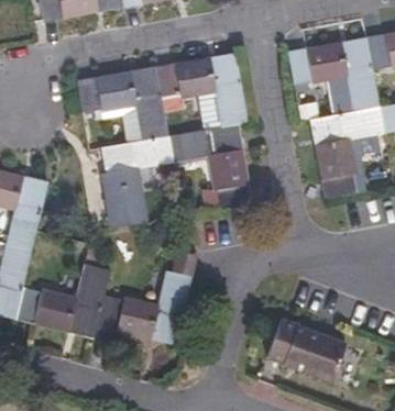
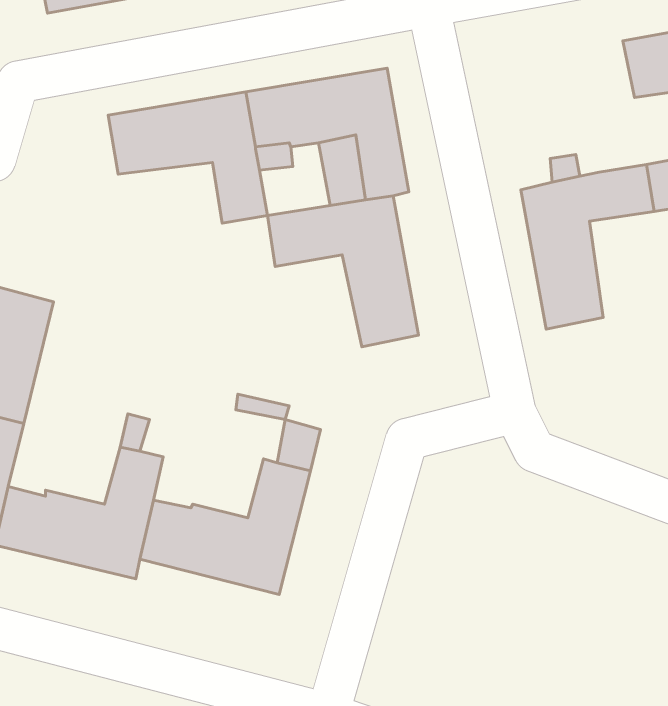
building: [289,37,381,111] -> none
building: [100,135,173,227] -> none
building: [267,319,349,384] -> none

